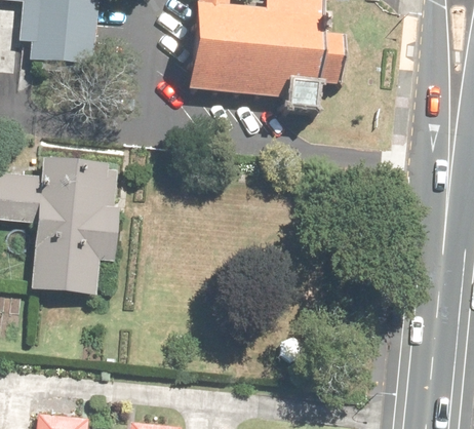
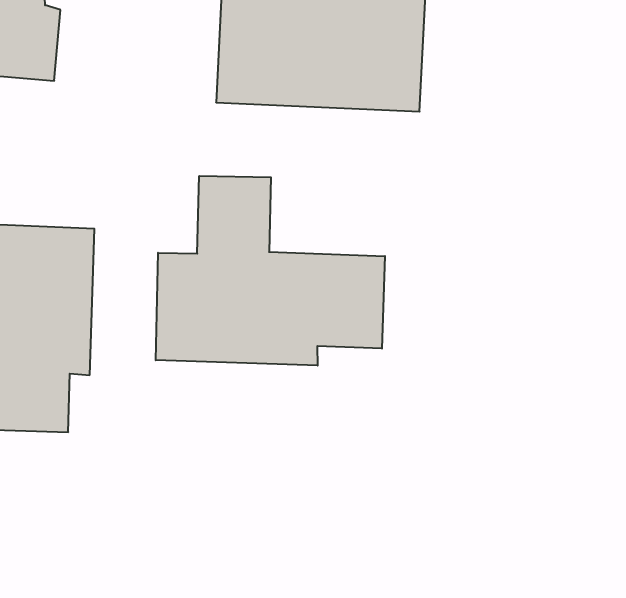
building: none -> [156,176,385,366]

